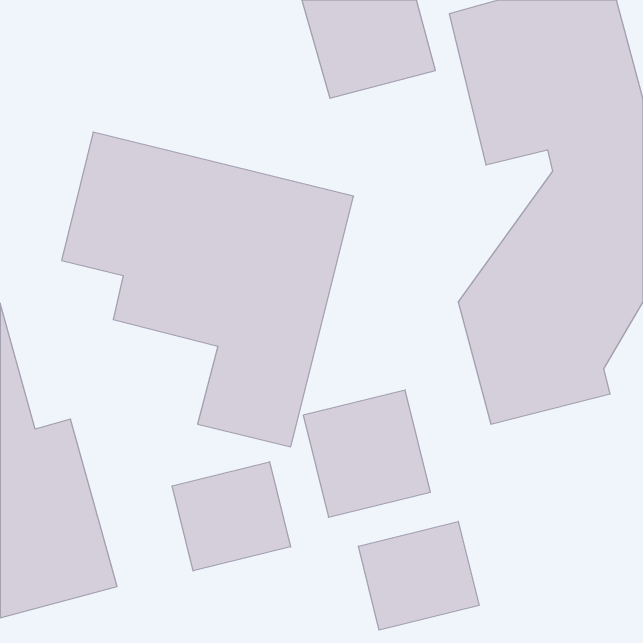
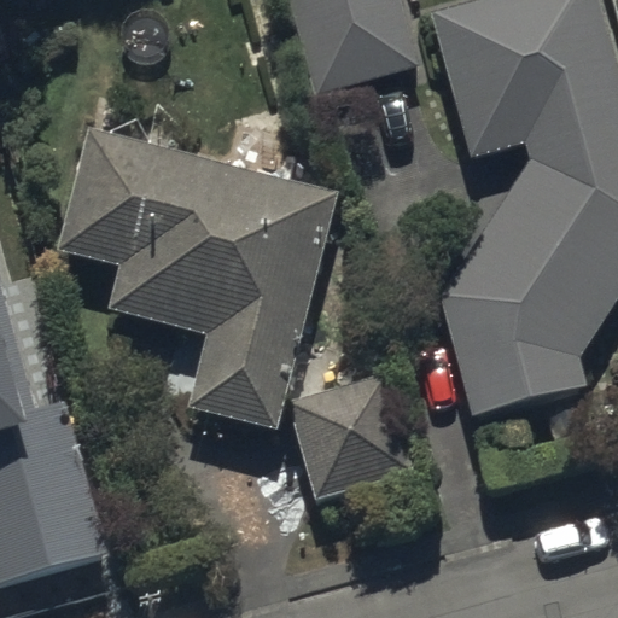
building: [172,462,291,571] -> none
building: [358,521,479,630] -> none

